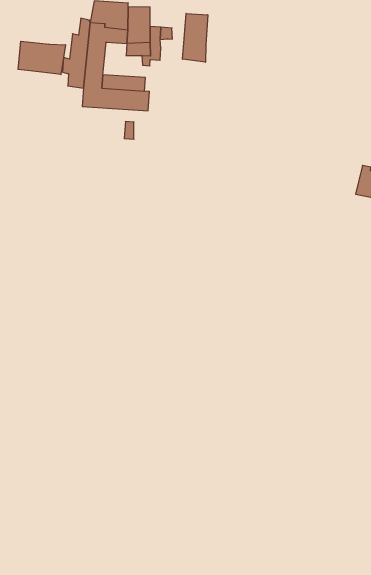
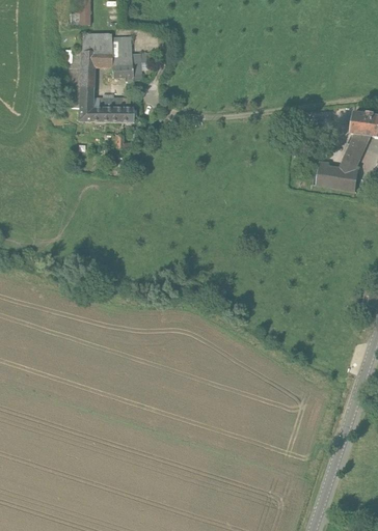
building: [183,13,208,62] -> none
building: [18,41,65,75] -> none

